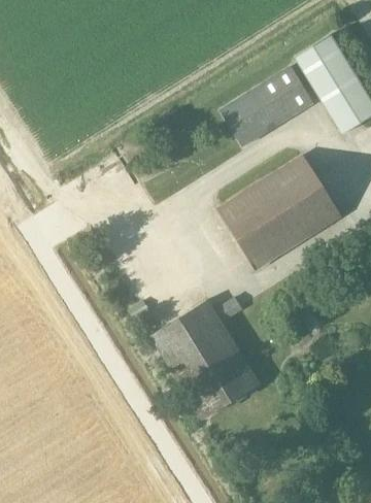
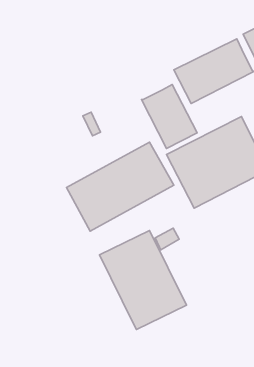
building: none -> [142,85,197,148]
building: none -> [66,142,174,231]

